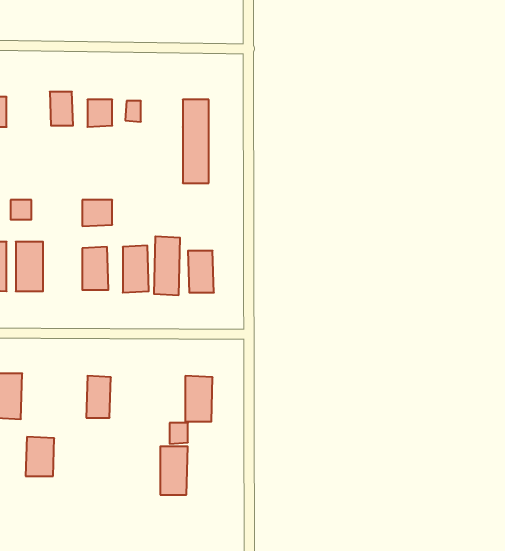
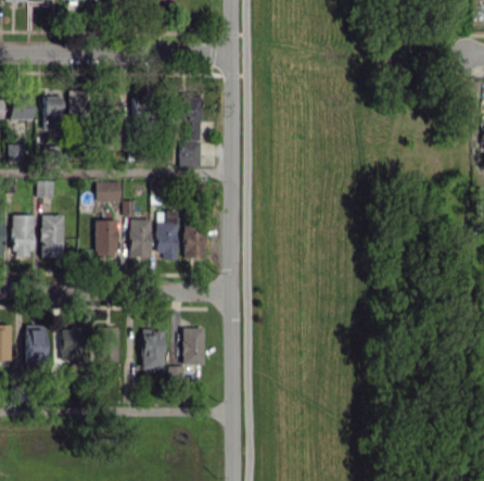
building: none -> [43,96,63,129]
building: [26,437,54,476] -> [61,328,85,360]
building: [160,446,188,495] -> [142,330,165,370]

